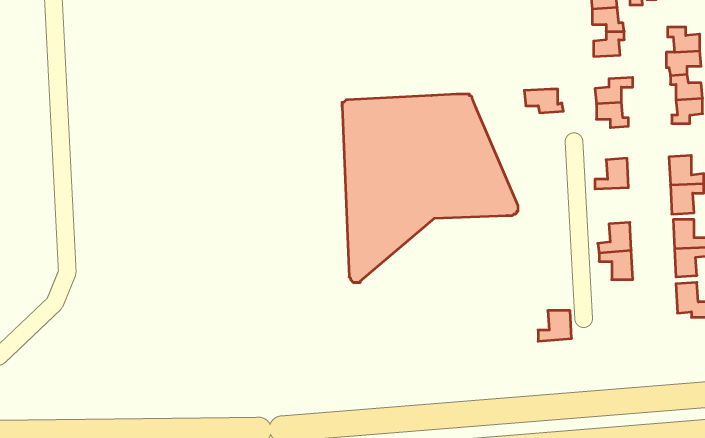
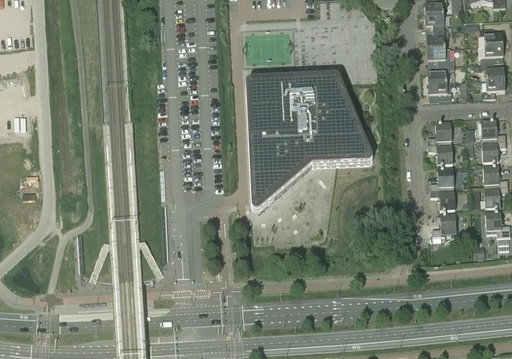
building: [524,89,563,113] -> [426,49,454,66]
building: none -> [427,144,452,165]
building: [538,311,572,341] -> [432,215,456,237]

